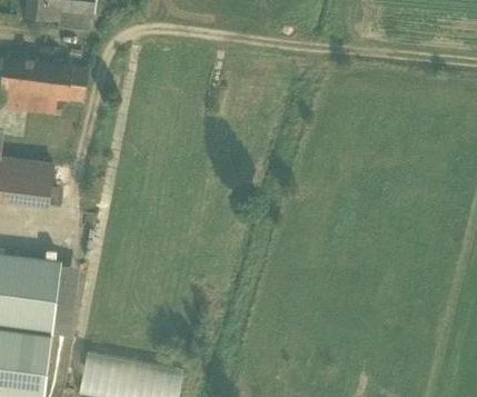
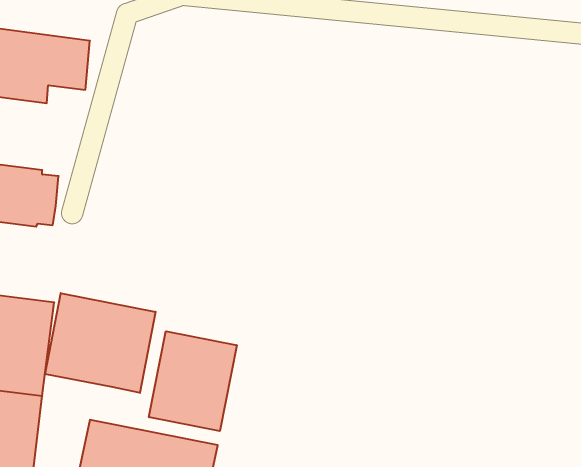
building: none -> [45,293,156,393]
building: none -> [149,331,237,431]

